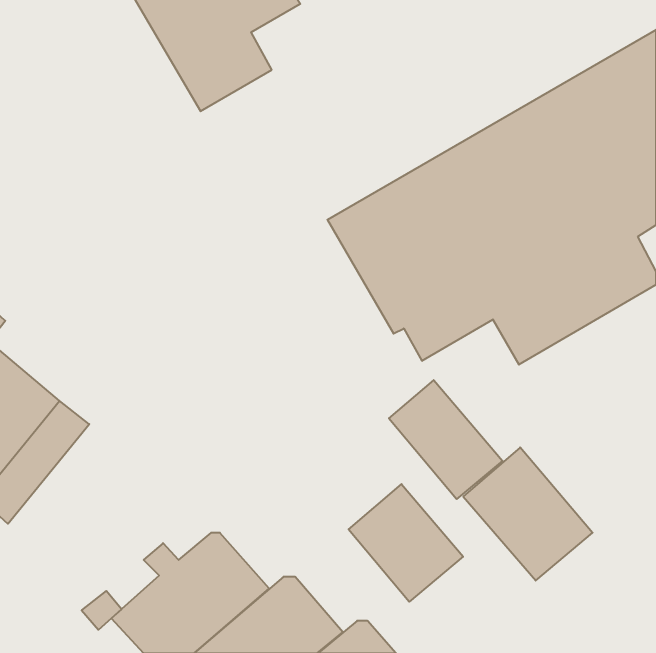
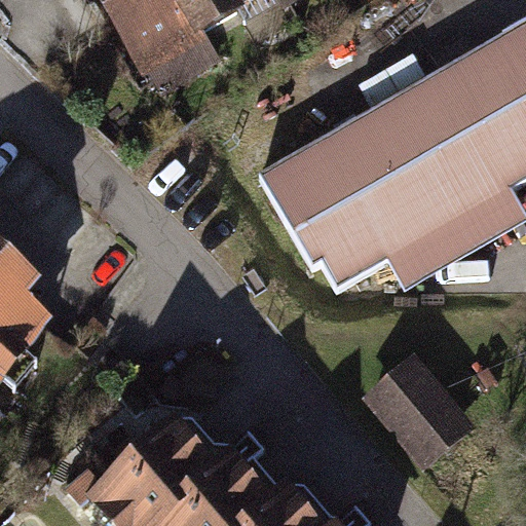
building: [389,380,502,499] -> none
building: [349,484,463,602] -> none

